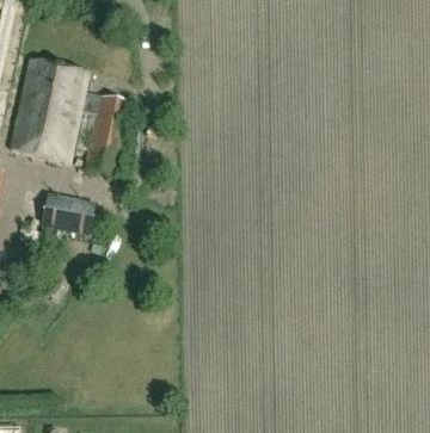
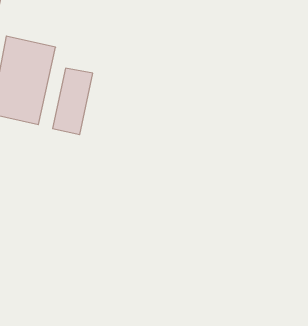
building: [41,191,94,234] -> none

